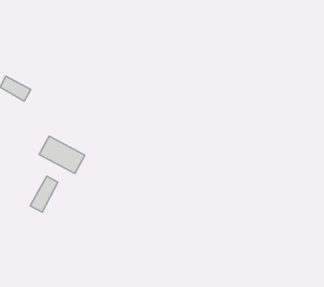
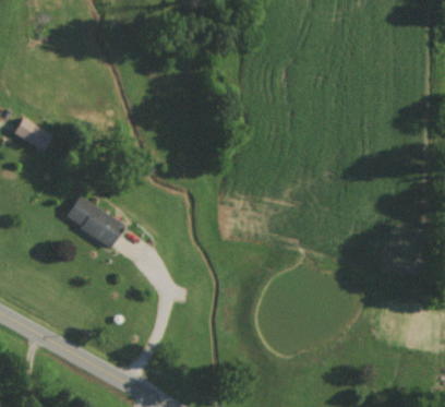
building: [30,176,58,212] -> none

